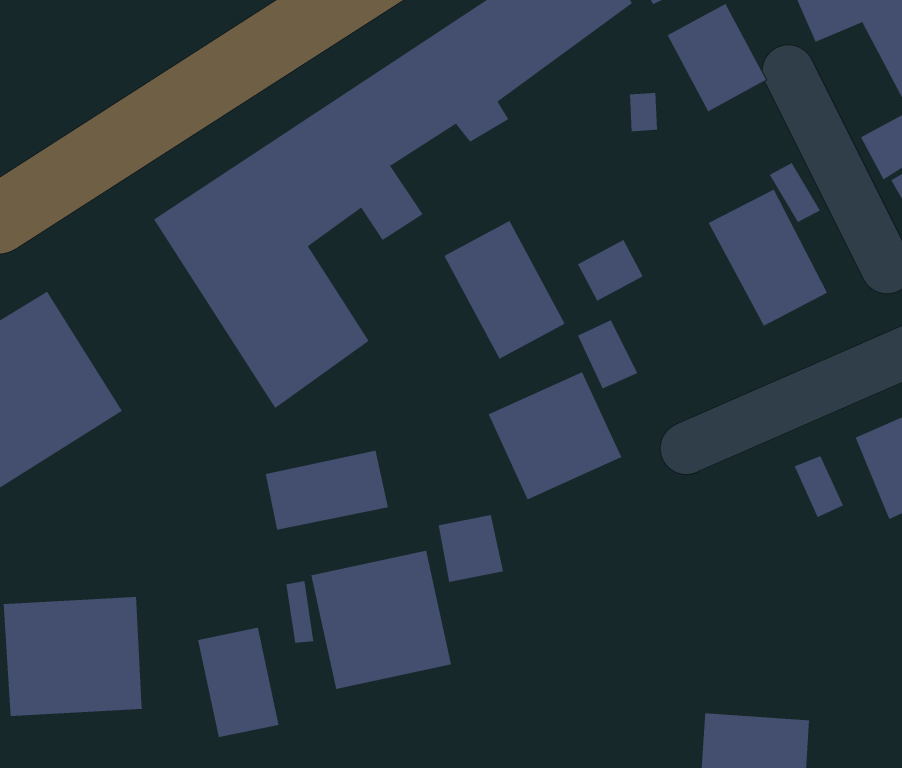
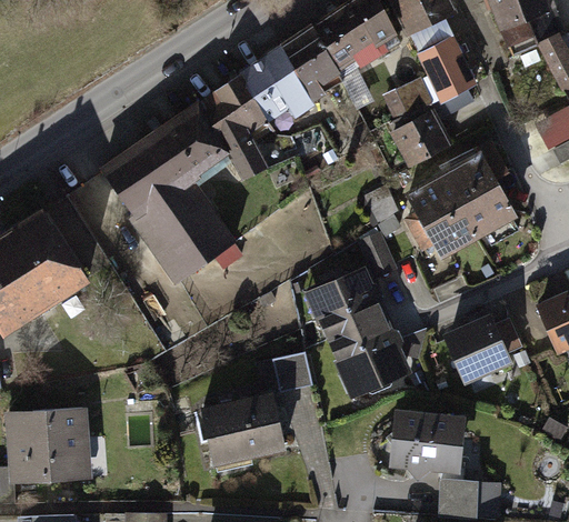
building: none -> [390,111,455,170]
building: [444,220,565,359] -> [401,174,477,261]
building: none -> [440,314,511,389]
building: [265,450,389,531] -> none
building: none -> [330,320,413,400]
building: none -> [389,410,462,472]
building: [197,627,279,738] -> none

